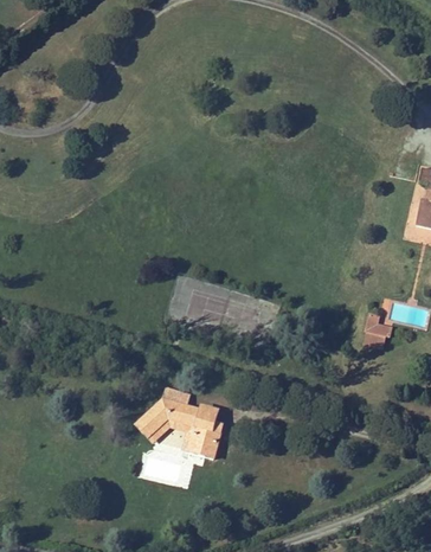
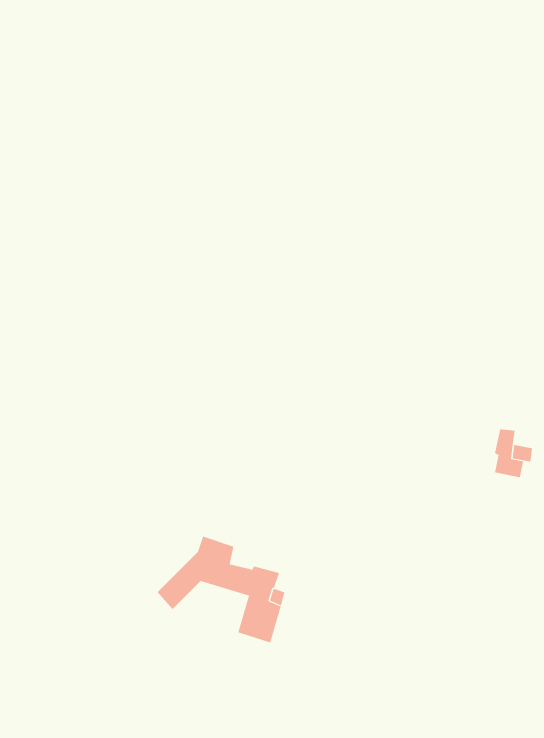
building: [148,417,199,451] -> none

